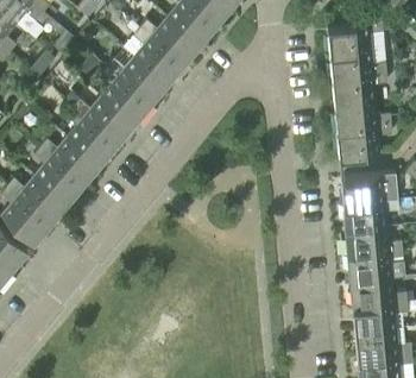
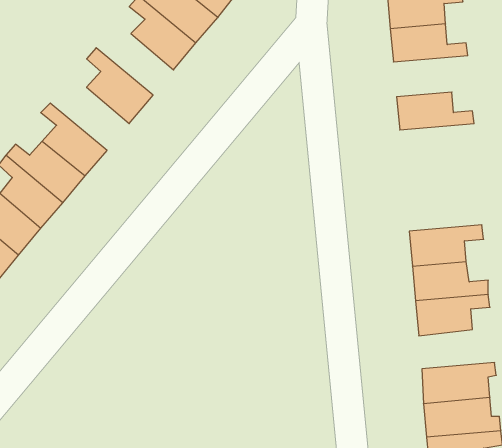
building: [109,58,168,105] -> none
building: [333,75,390,106] -> none
building: [75,99,134,146] -> none
building: [338,126,393,158] -> none
building: [342,176,399,207] -> none
building: [352,281,409,310] -> none

